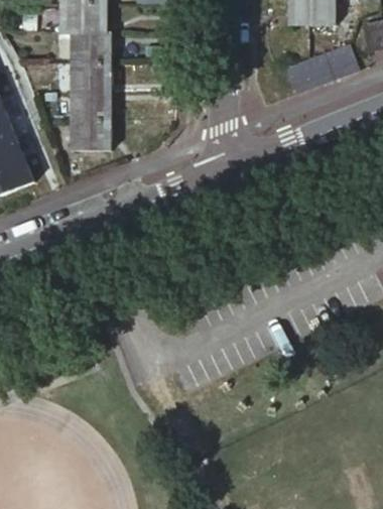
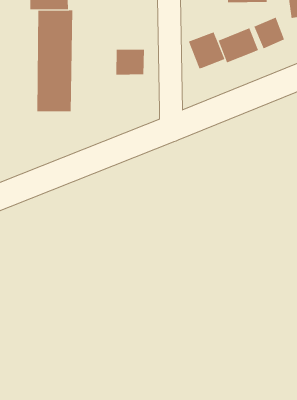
building: none -> [188,32,225,69]
building: none -> [116,49,144,76]

